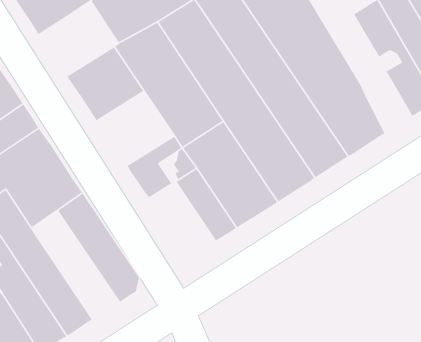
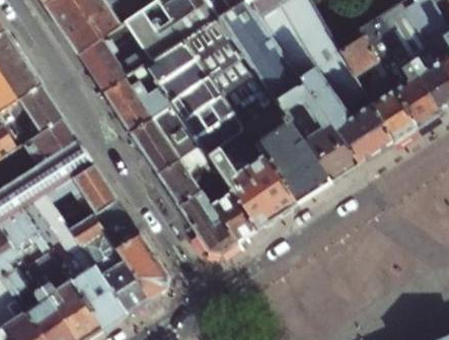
building: none -> [340,36,416,144]
building: none -> [76,38,149,92]
building: none -> [129,106,200,174]
building: none -> [176,188,237,253]
building: none -> [70,214,150,314]

